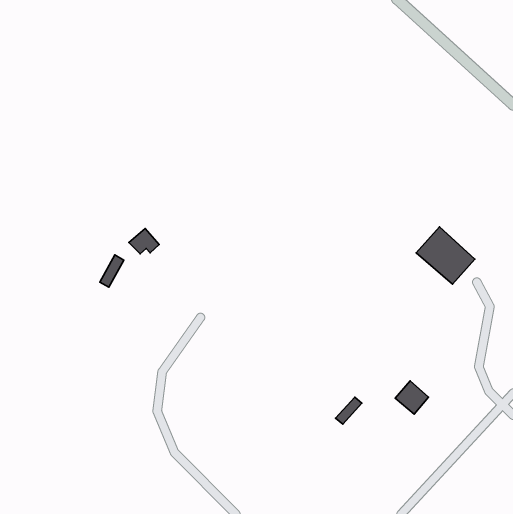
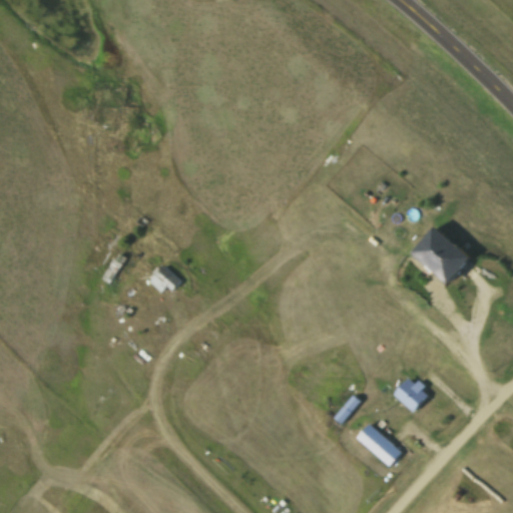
building: [129,228,159,254] -> [147,267,177,292]
building: none -> [356,424,401,467]

